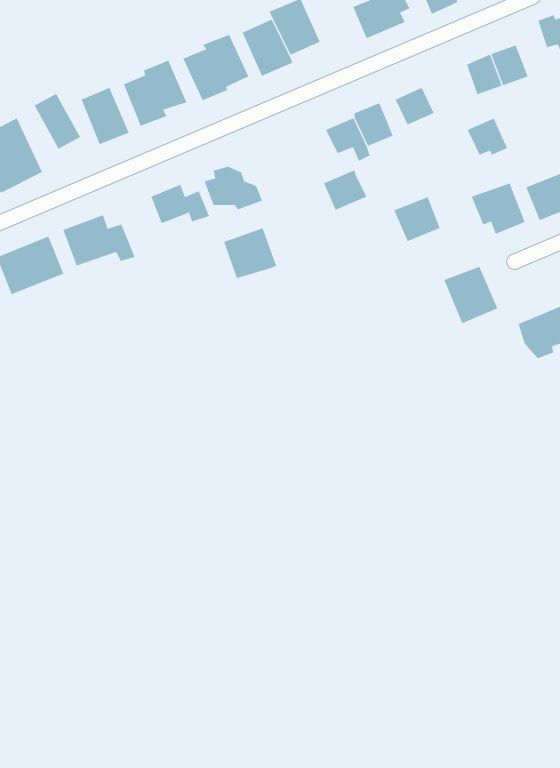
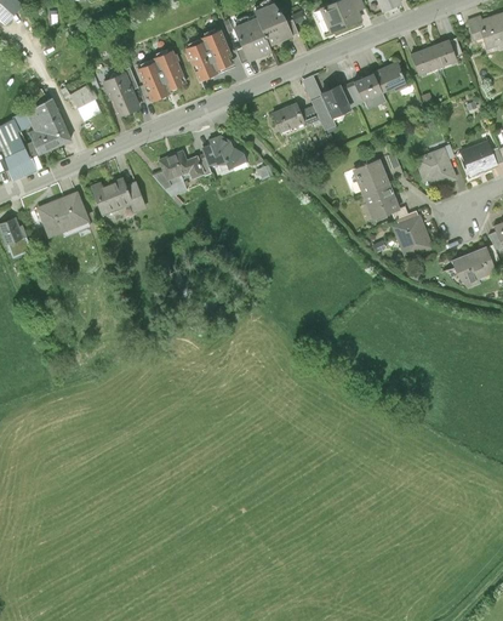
building: [467,118,508,156] -> [375,62,407,92]
building: [323,170,367,211] -> [270,101,305,133]
building: [223,227,277,279] -> none
building: none -> [362,184,400,222]

